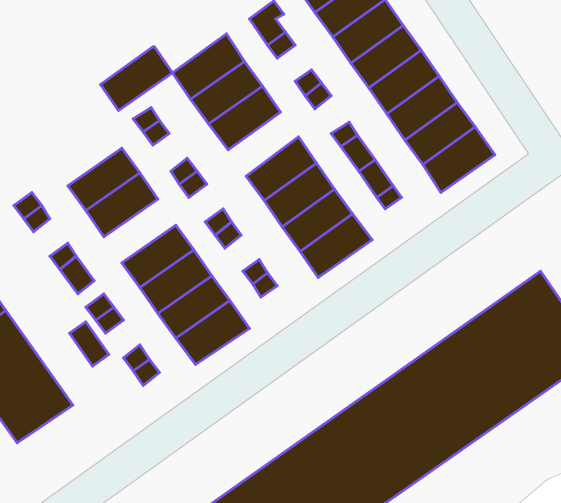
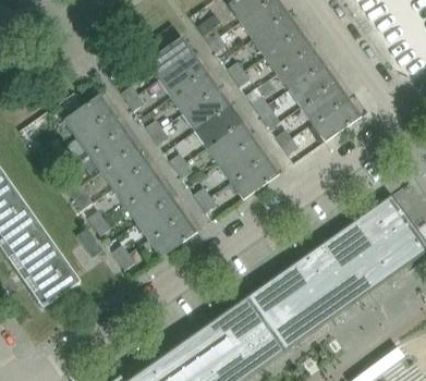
building: [101,47,173,111] -> [65,95,113,137]
building: none -> [184,88,231,131]
building: none -> [101,146,149,188]

